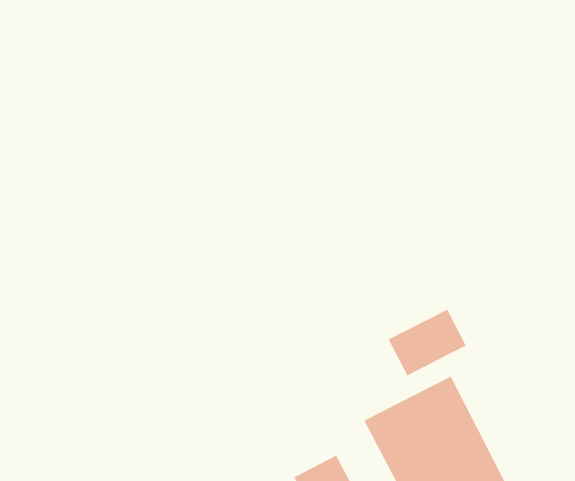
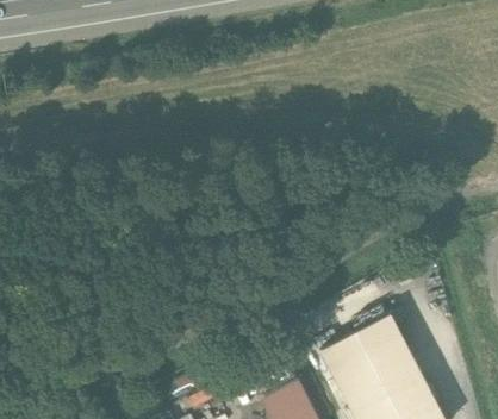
building: [388,309,467,376] -> none

